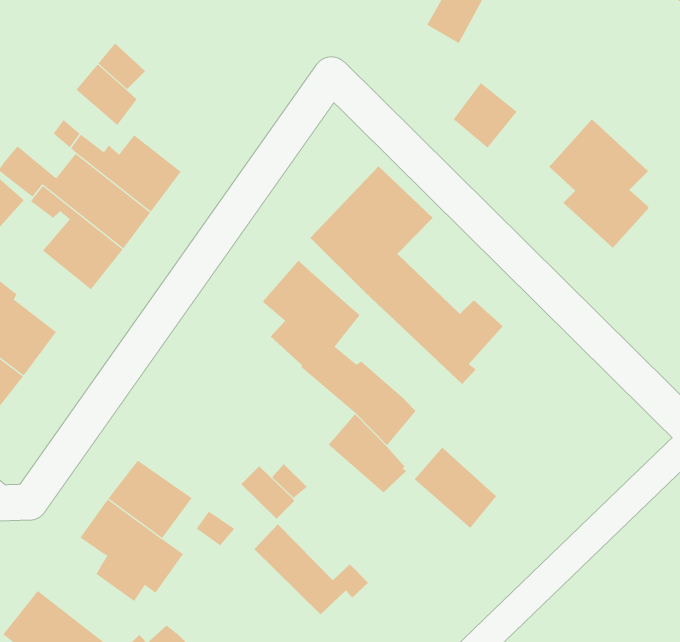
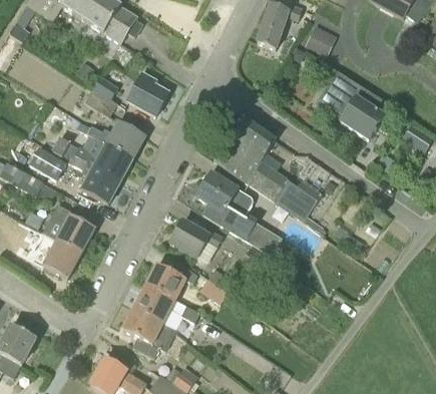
building: none -> [127,73,168,115]
building: [453,82,517,149] -> [305,25,337,58]
building: none -> [169,220,223,262]
building: none -> [145,261,197,300]
building: [414,447,497,529] -> none
building: [254,523,369,615] -> none

